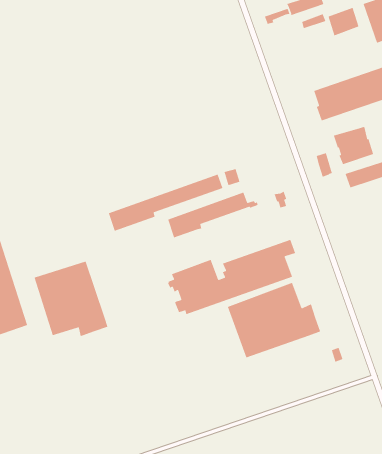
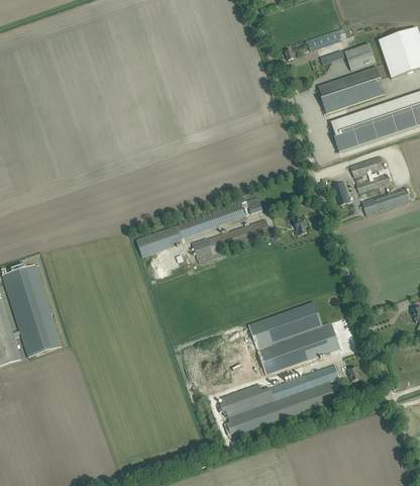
building: none -> [319,66,385,112]
building: [167,239,296,315] -> [217,363,340,435]
building: [34,260,109,337] -> none

